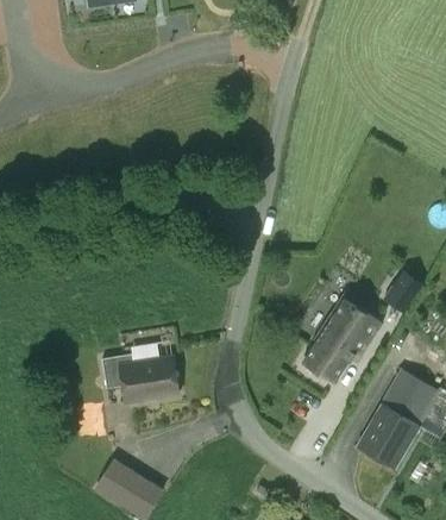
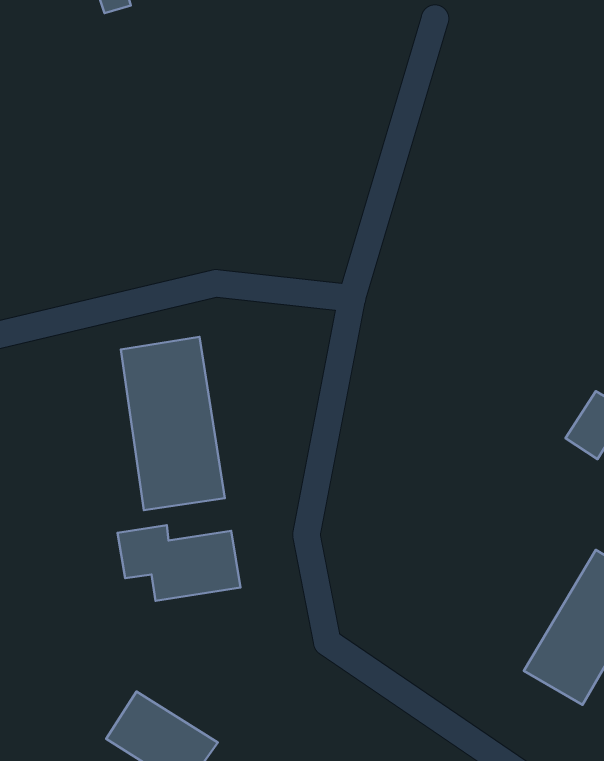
building: none -> [121,337,225,510]
building: [307,300,384,380] -> none

